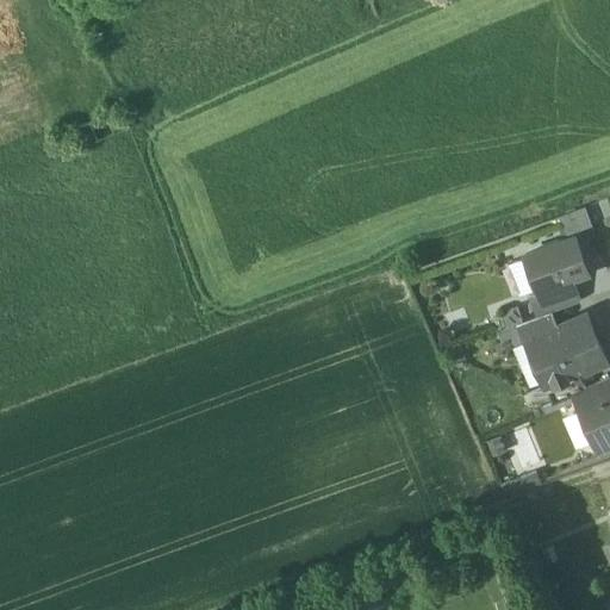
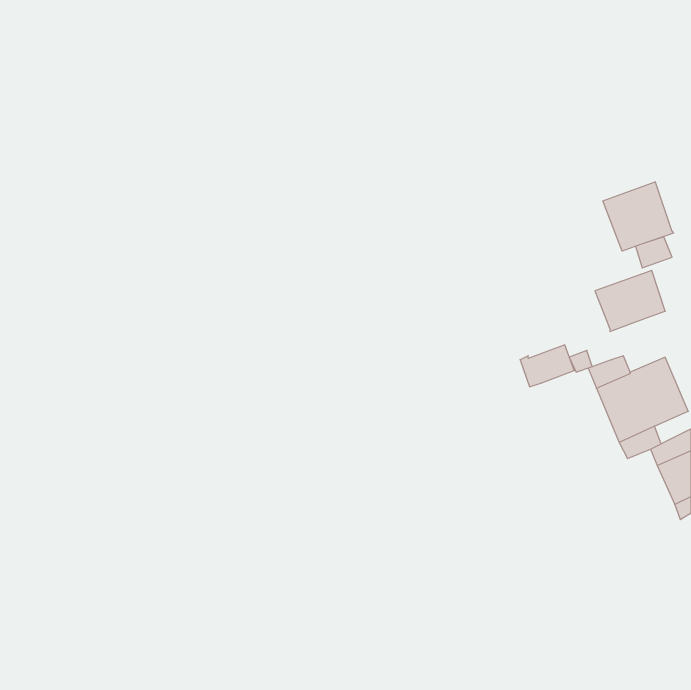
building: none -> [603,182,673,251]
building: [530,280,578,317] -> [520,345,574,387]

